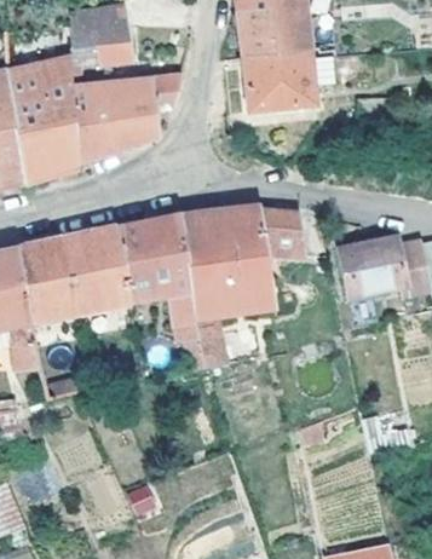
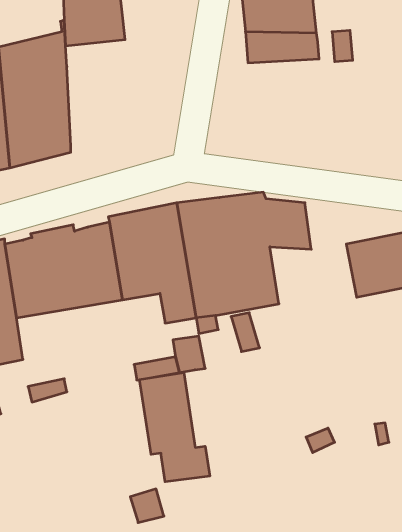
building: [75,74,180,160] -> none
building: [244,79,312,109] -> none
building: none -> [140,372,210,482]

